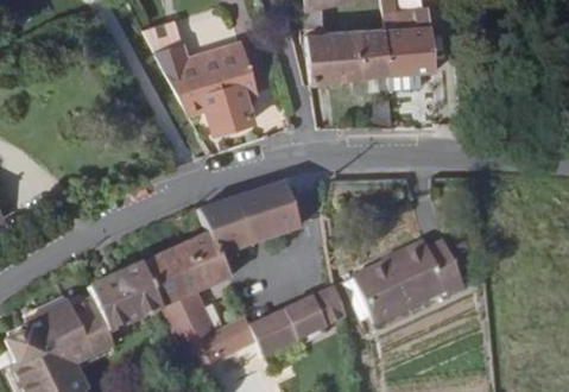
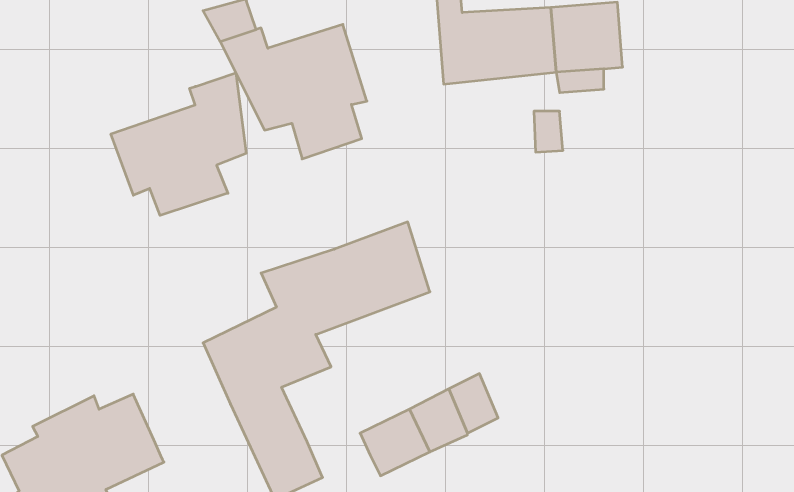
building: none -> [111,73,246,215]
building: [354,239,468,322] -> none
building: [90,263,163,330] -> none

